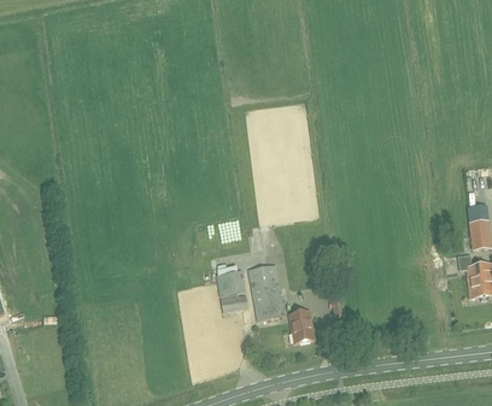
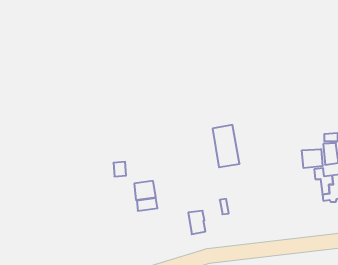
building: none -> [302,149,323,168]
building: [248,263,285,319] -> [213,125,240,167]

